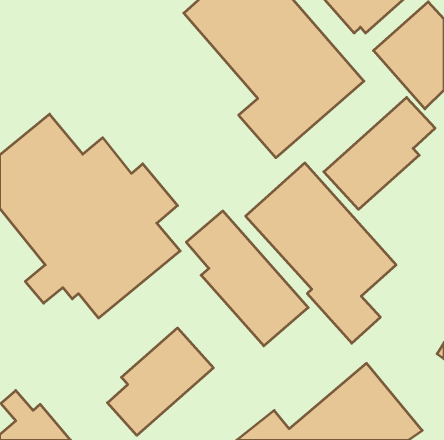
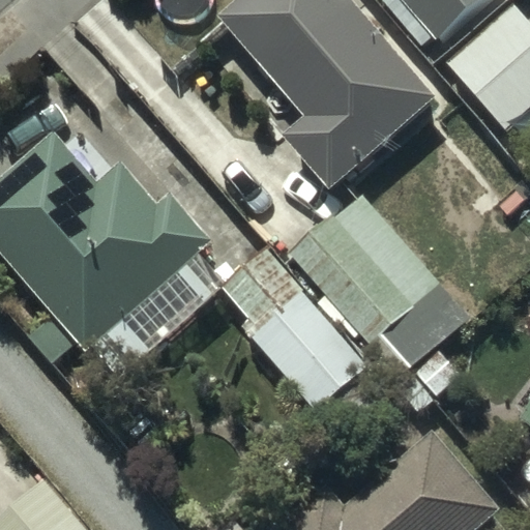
building: [324,97,435,209] -> none
building: [107,328,213,435] -> none

